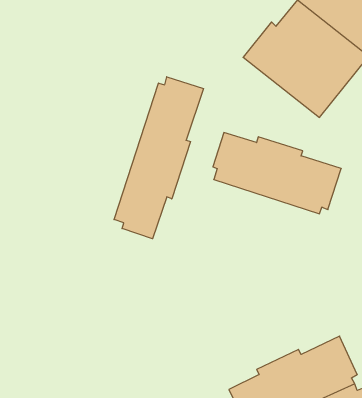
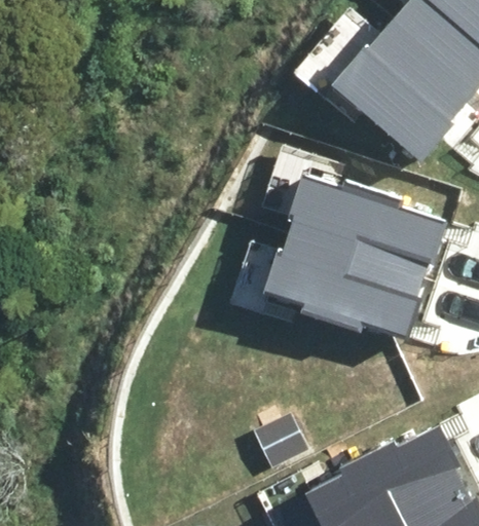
building: [114,77,203,239] -> none
building: none -> [265,234,423,336]

